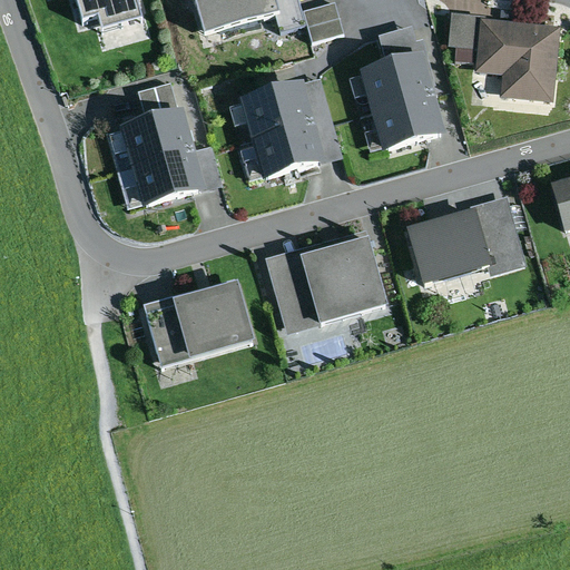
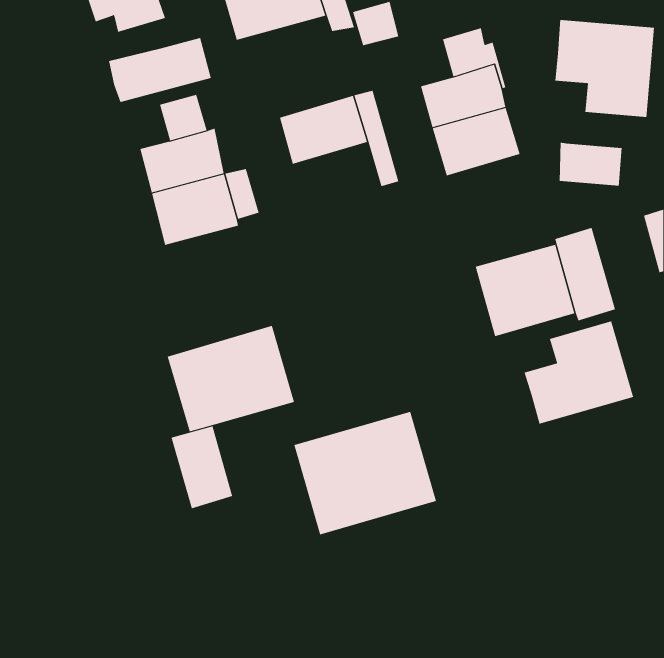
building: [446,10,479,46] -> none
building: none -> [108,37,211,103]
building: none -> [559,142,622,187]
building: [249,121,326,181] -> none
building: [264,229,386,335] -> [293,411,437,535]
building: none -> [524,321,634,425]
building: none -> [171,426,233,509]

